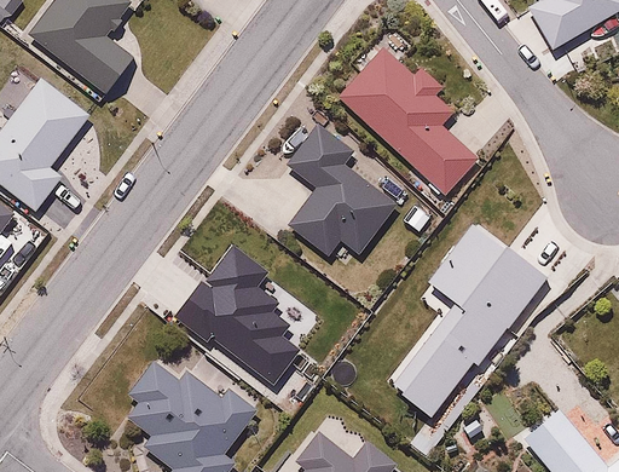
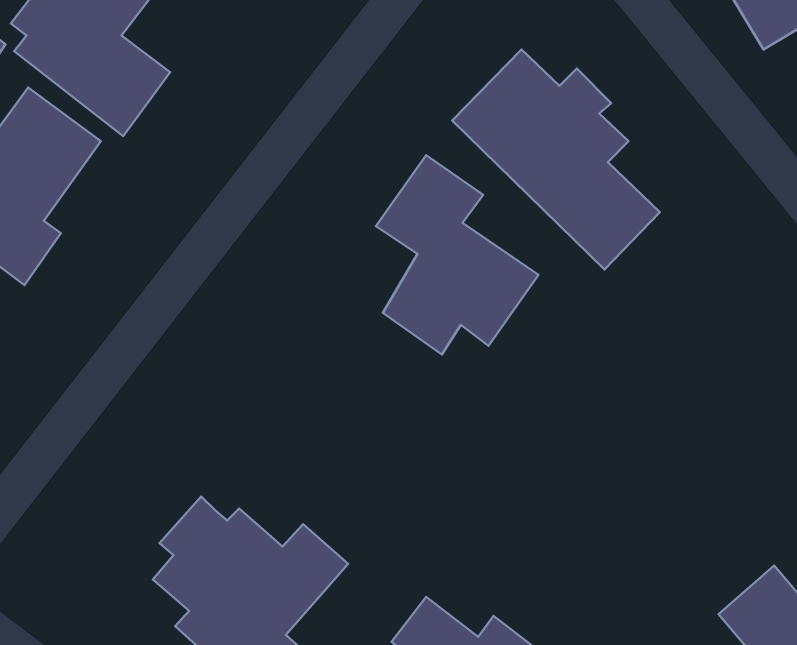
building: [383,218,550,416] -> none
building: [173,236,290,376] -> none

